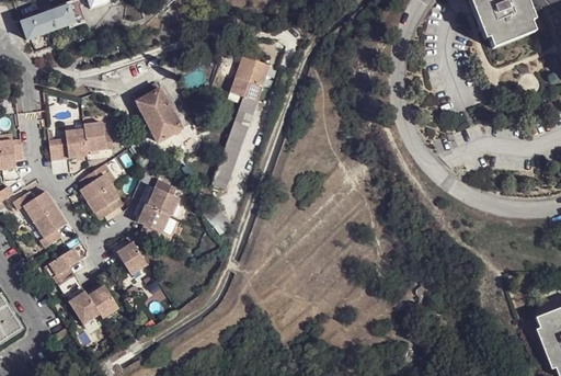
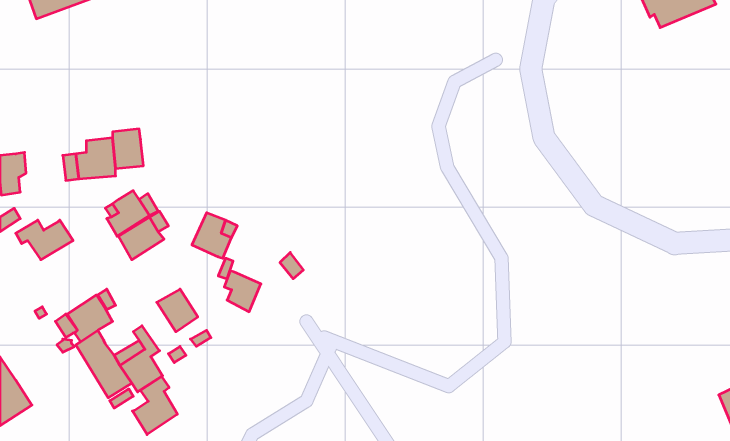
building: [209,49,270,182] -> none
building: [137,89,182,141] -> none
building: [32,205,66,246] -> none
building: [137,207,164,238] -> [224,271,261,312]
building: none -> [132,376,177,435]

